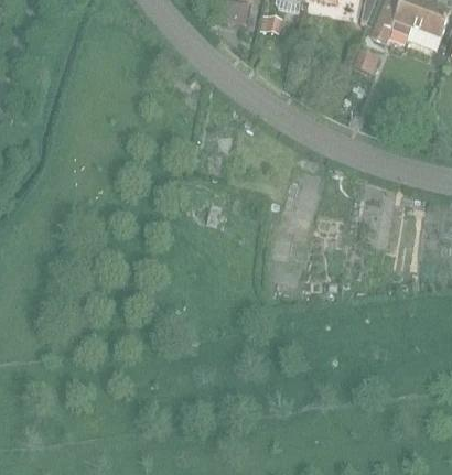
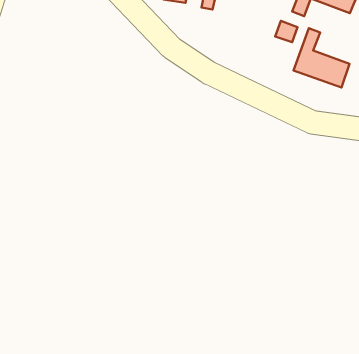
building: none -> [293,28,349,87]

